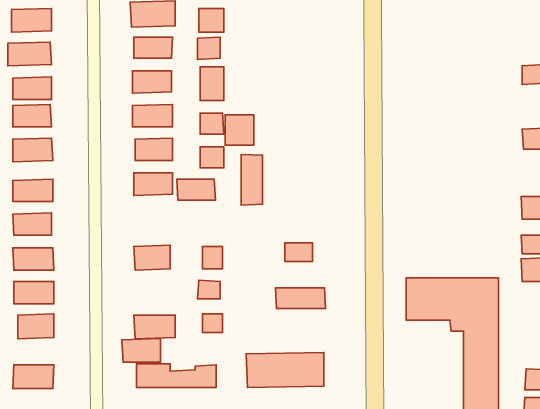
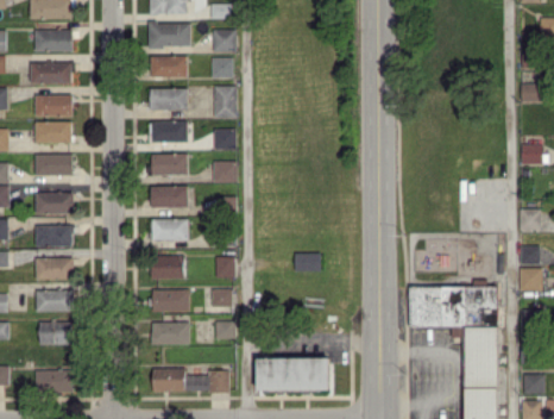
building: [225,115,254,145] -> none
building: [241,154,263,205] -> none
building: [177,179,215,200] -> [152,220,189,240]
building: [276,288,325,308] -> none
building: [122,338,161,362] -> [152,289,189,312]

